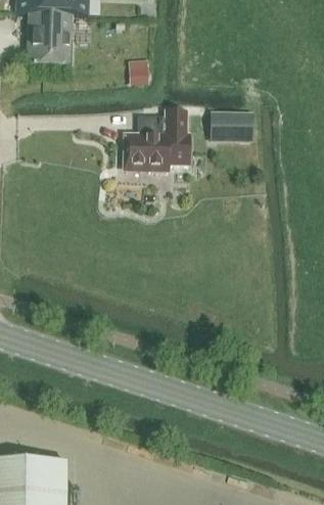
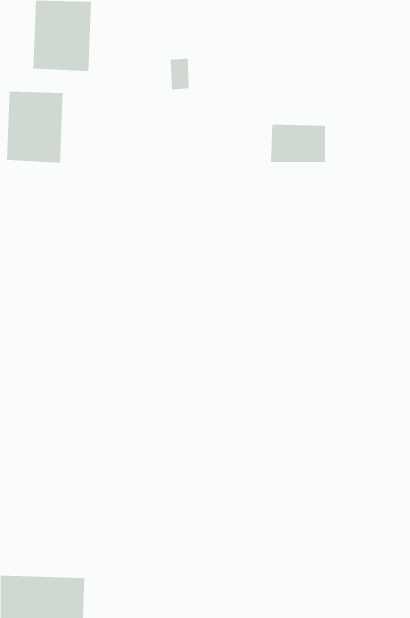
building: none -> [7,91,63,163]
building: [128,109,188,170] -> none

